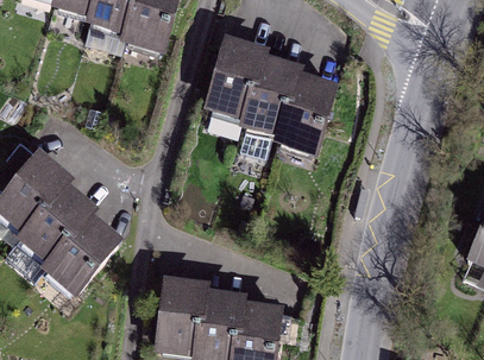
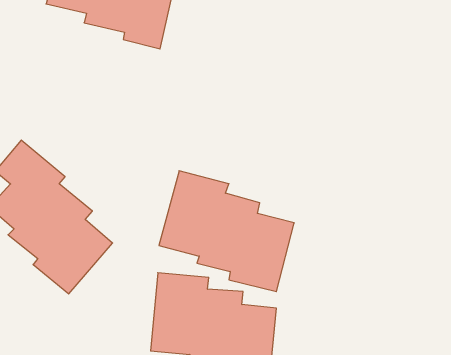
building: [202,36,338,157] -> [159,171,294,292]

